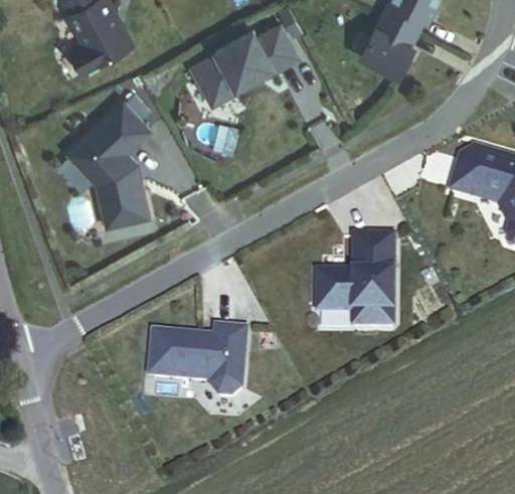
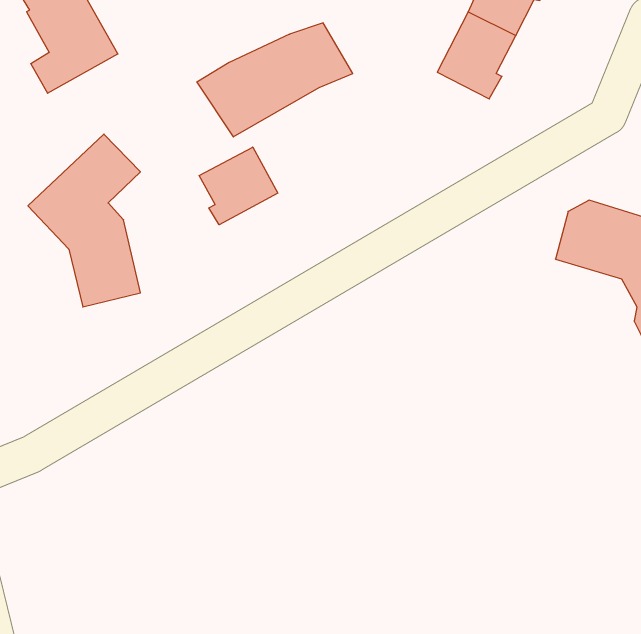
building: none -> [199,147,278,225]
building: [318,237,399,331] -> none
building: [146,332,242,402] -> none

